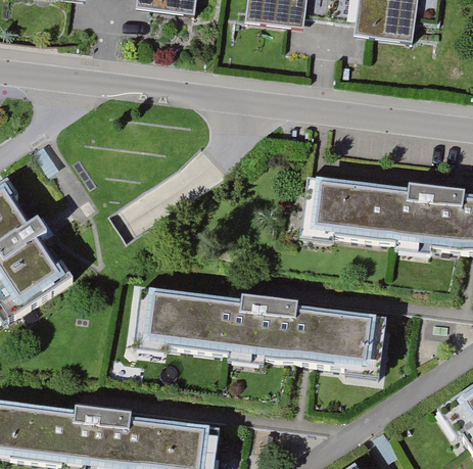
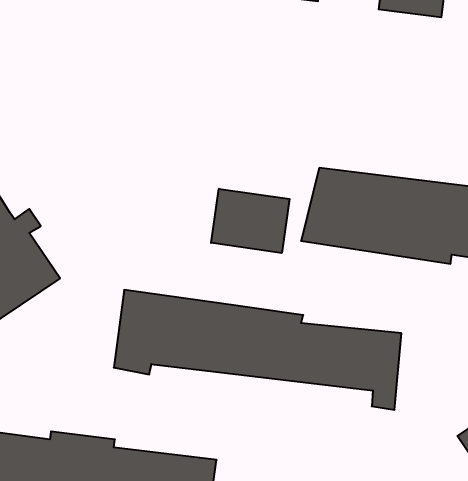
building: none -> [211,189,290,253]

